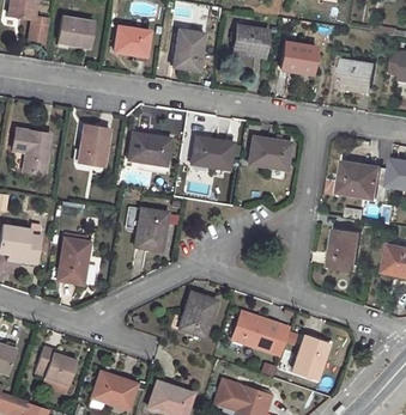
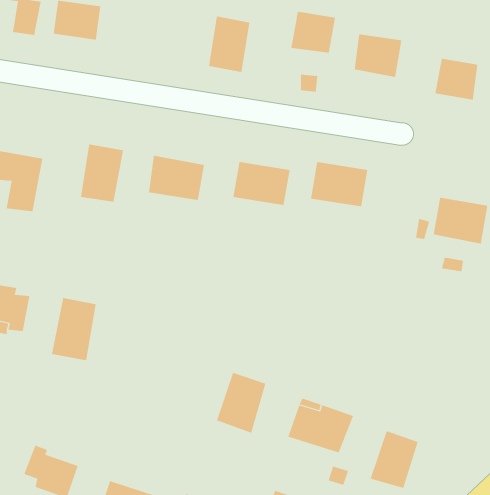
building: [114,26,151,56] -> none
building: [134,208,168,250] -> none
building: [329,230,359,269] -> none

